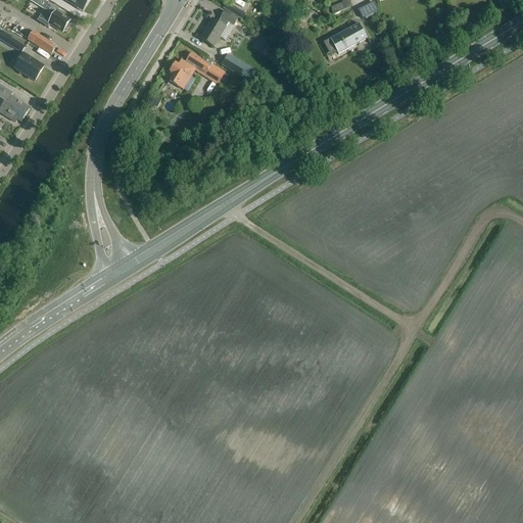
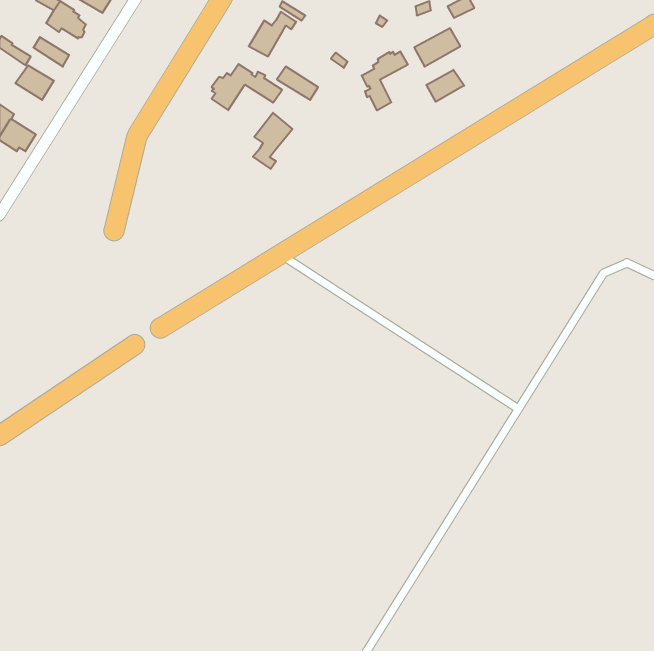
building: none -> [362,51,408,110]
building: none -> [426,70,464,102]
building: none -> [253,113,292,169]

